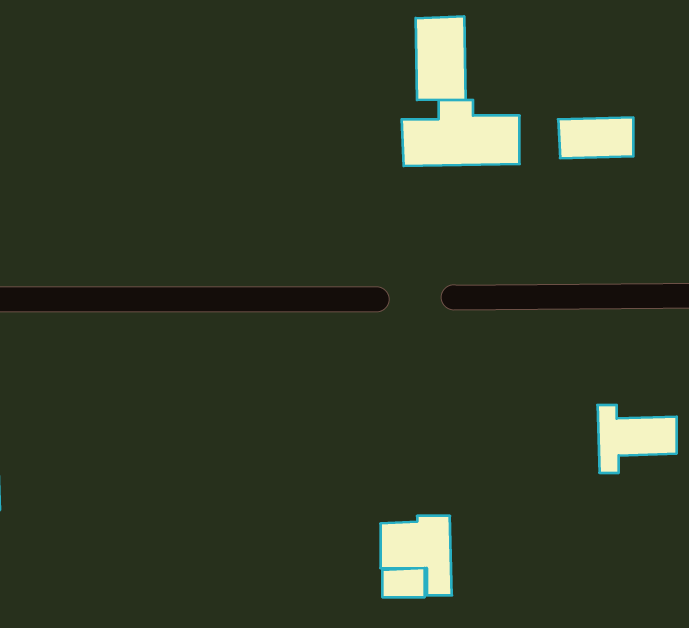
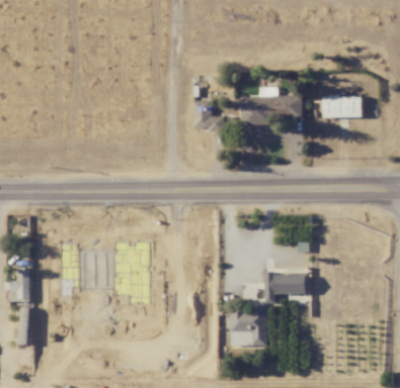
building: [416,16,465,100] -> none
building: [597,405,677,473] -> [264,268,306,303]

